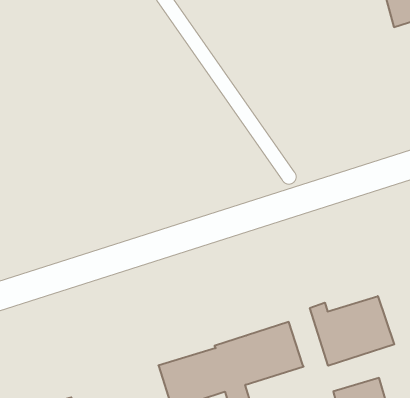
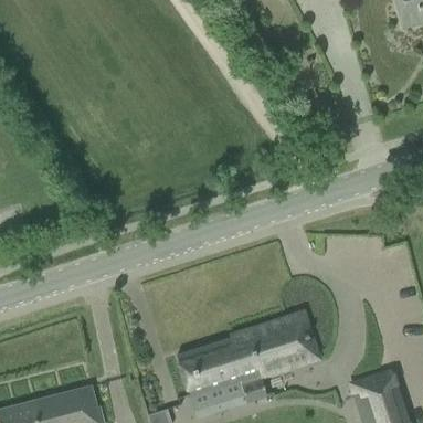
building: [310,296,394,366] -> none

